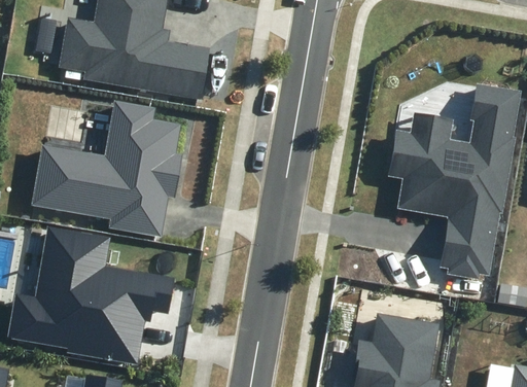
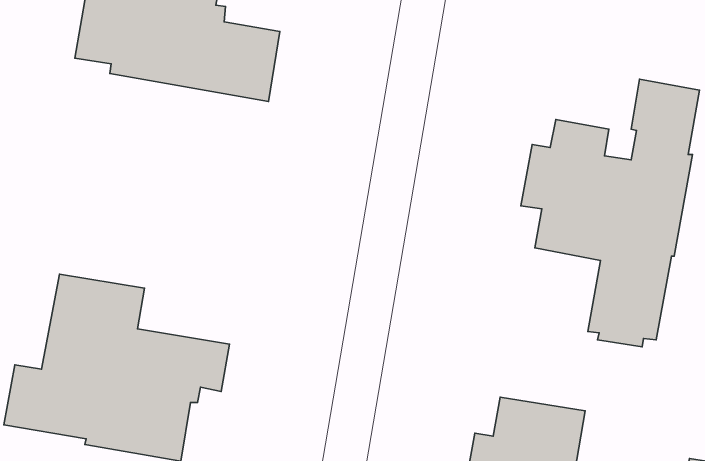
building: [31,101,181,237] -> none

